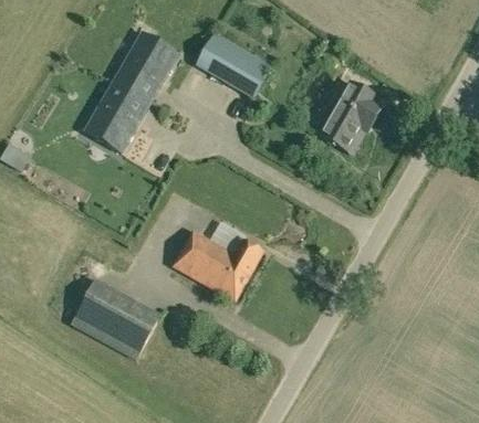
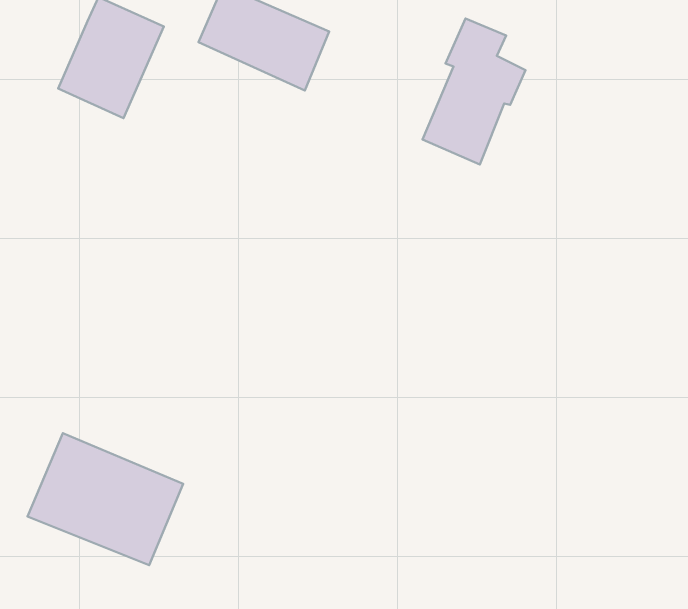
building: [85,82,149,151] -> none
building: [173,213,263,300] -> none

